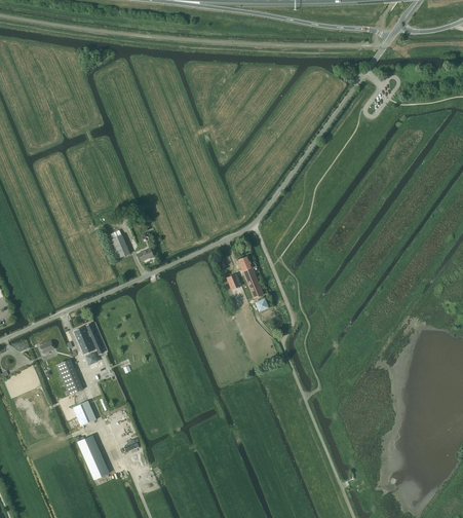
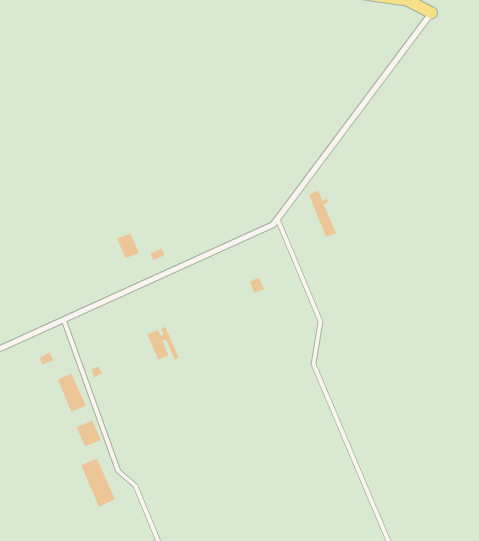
building: [238,255,264,298] -> [308,189,337,238]
building: [74,323,104,354] -> [146,326,180,360]

